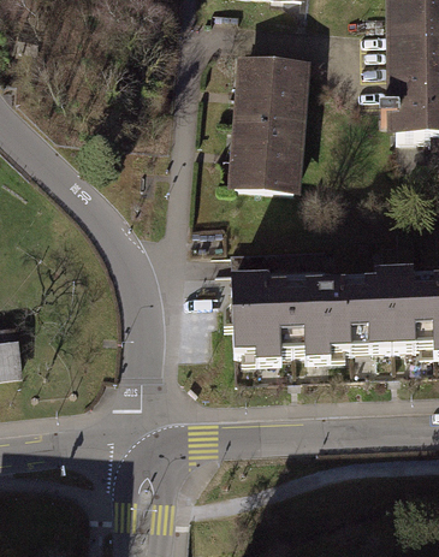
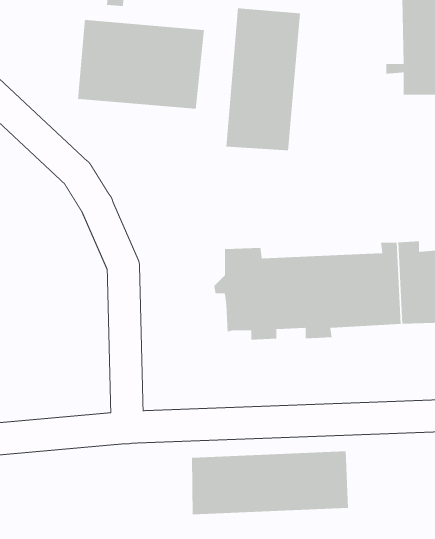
building: none -> [77,19,204,110]
building: none -> [192,450,348,515]

